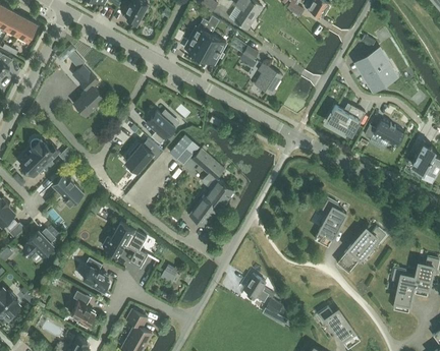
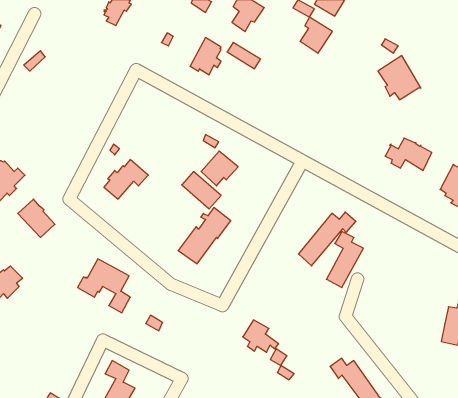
building: [188,16,219,59] -> none
building: [255,64,282,95] -> [300,17,332,53]
building: [72,66,104,116] -> none
building: [327,105,365,136] -> none
building: [146,111,175,144] -> none
building: [170,135,202,165] -> [201,151,238,186]
building: [337,227,386,273] -> [298,212,356,266]
building: [84,257,109,291] -> none
building: [392,269,416,312] -> none
building: [71,291,96,328] -> none

